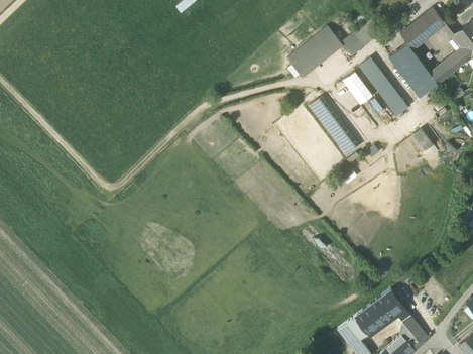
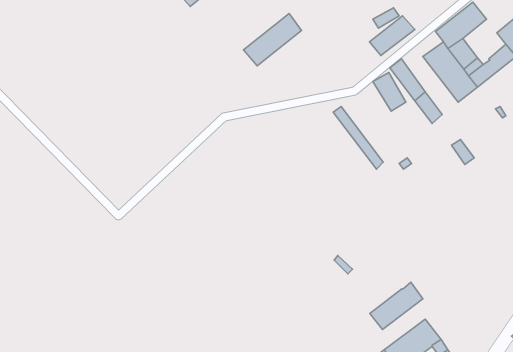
building: [286,25,338,72] -> [244,14,301,66]
building: none -> [370,282,423,329]

